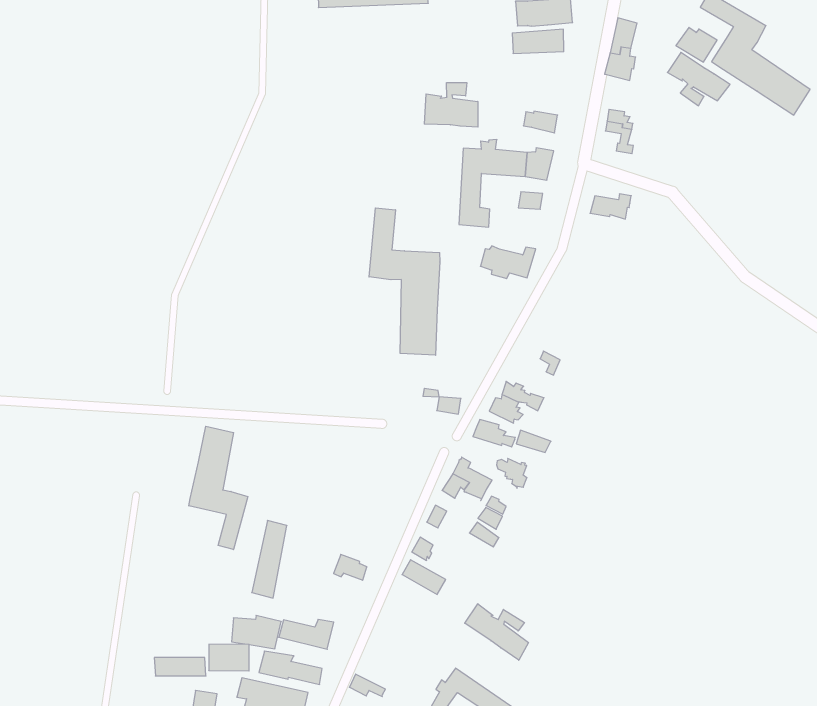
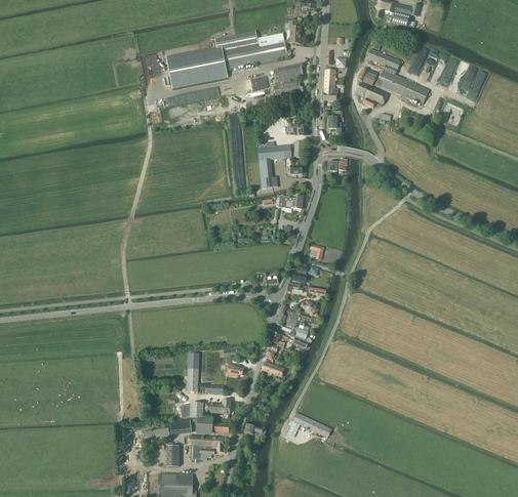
building: [424,83,478,127] -> none
building: [369,208,440,355] -> none
building: [189,426,248,550] -> none
building: [465,604,528,660] -> none

